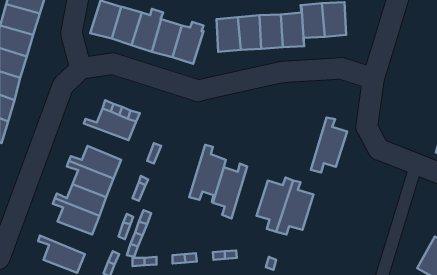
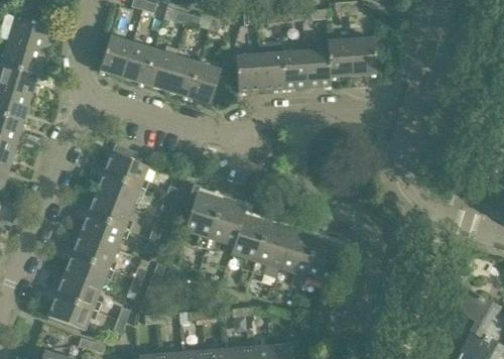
building: [311,117,347,172] -> [252,215,291,274]
building: none -> [91,168,141,208]
building: none -> [184,189,224,248]
building: none -> [45,274,102,310]

